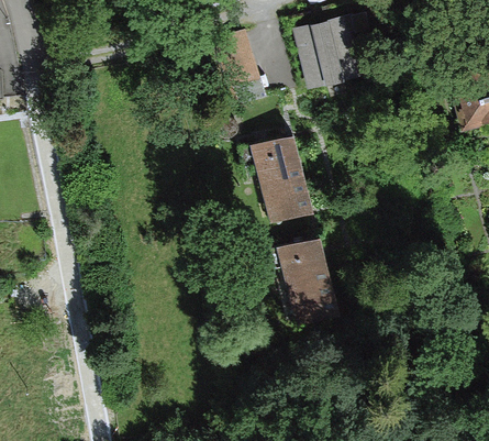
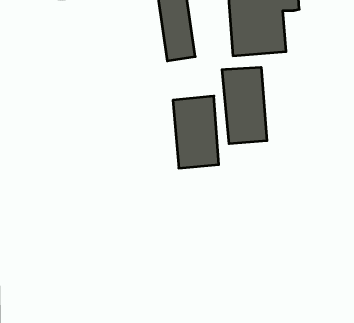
building: none -> [222,67,267,144]
building: [275,238,337,320] -> none

